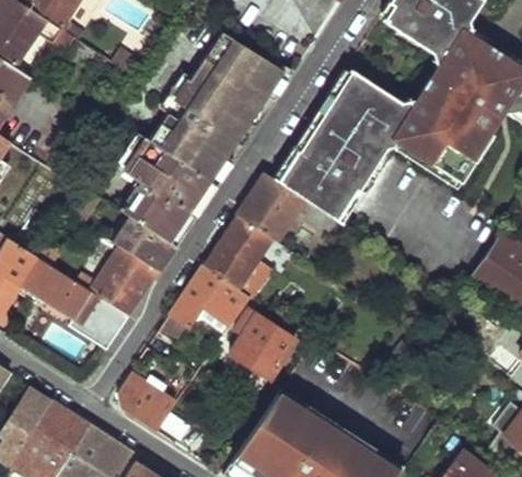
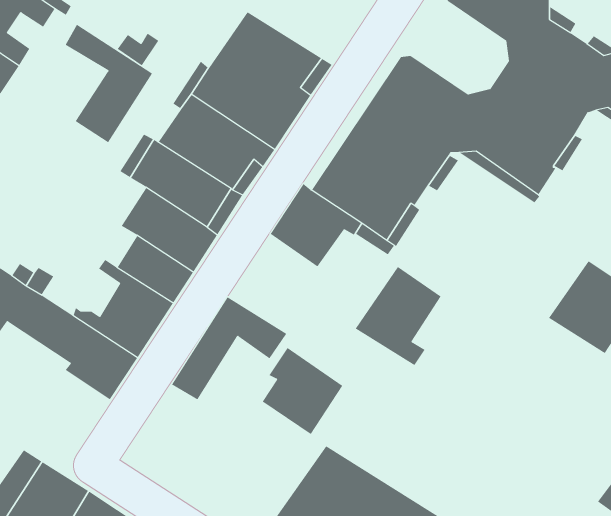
building: none -> [65,24,153,143]
building: [202,214,274,296] -> [355,266,441,366]
building: [117,373,178,432] -> none

